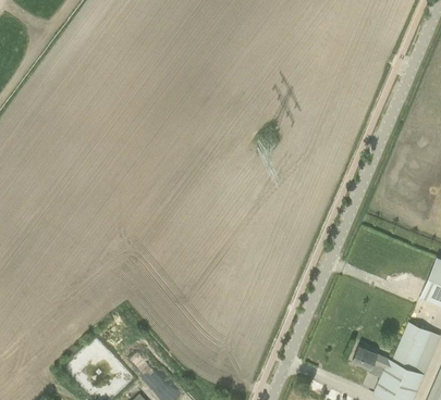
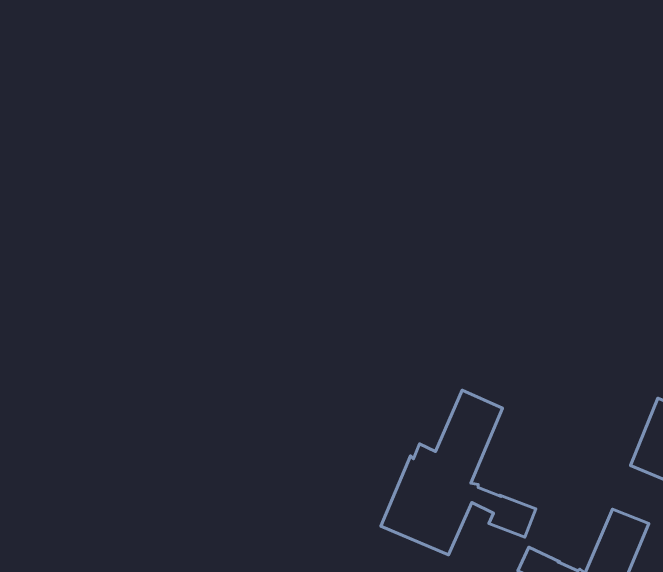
building: none -> [381,390,536,555]

